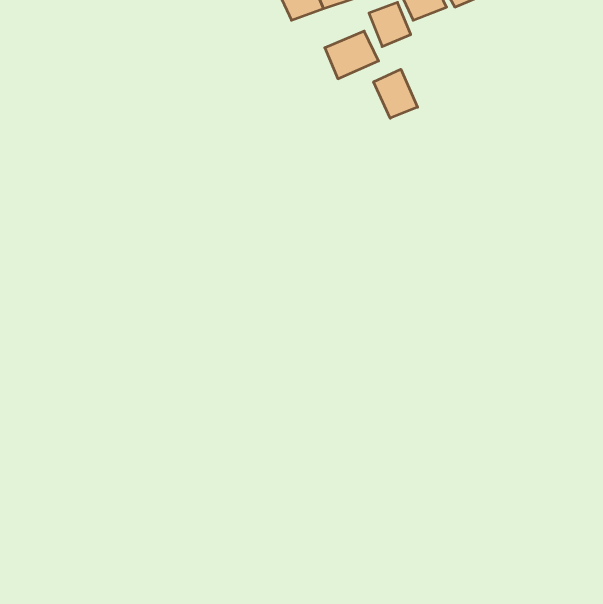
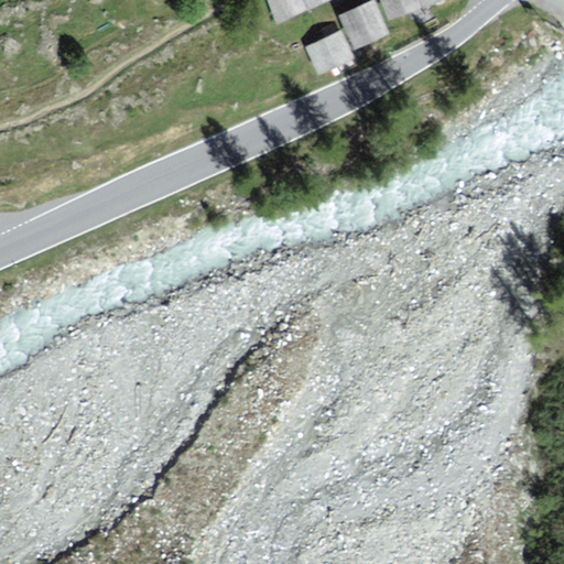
building: [374,69,418,118] -> none

